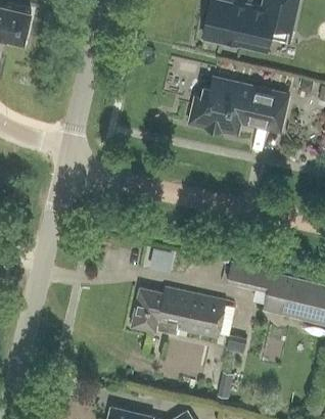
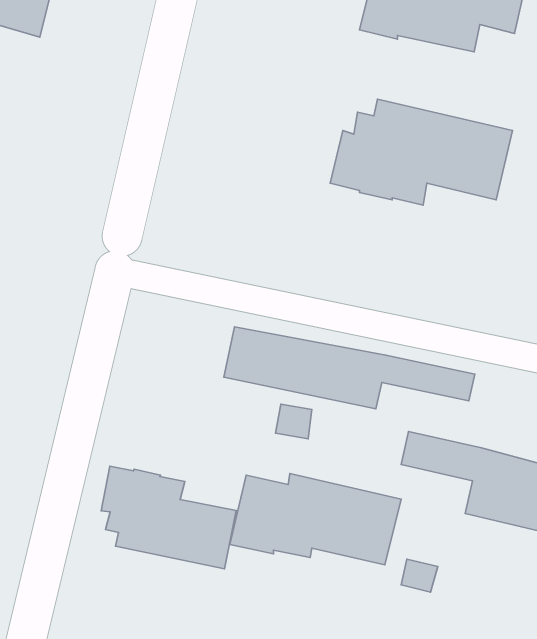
building: none -> [224,327,475,409]
building: none -> [101,466,236,569]

